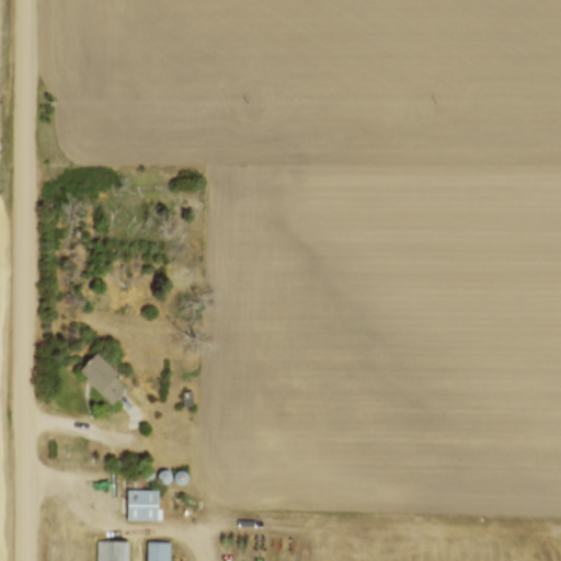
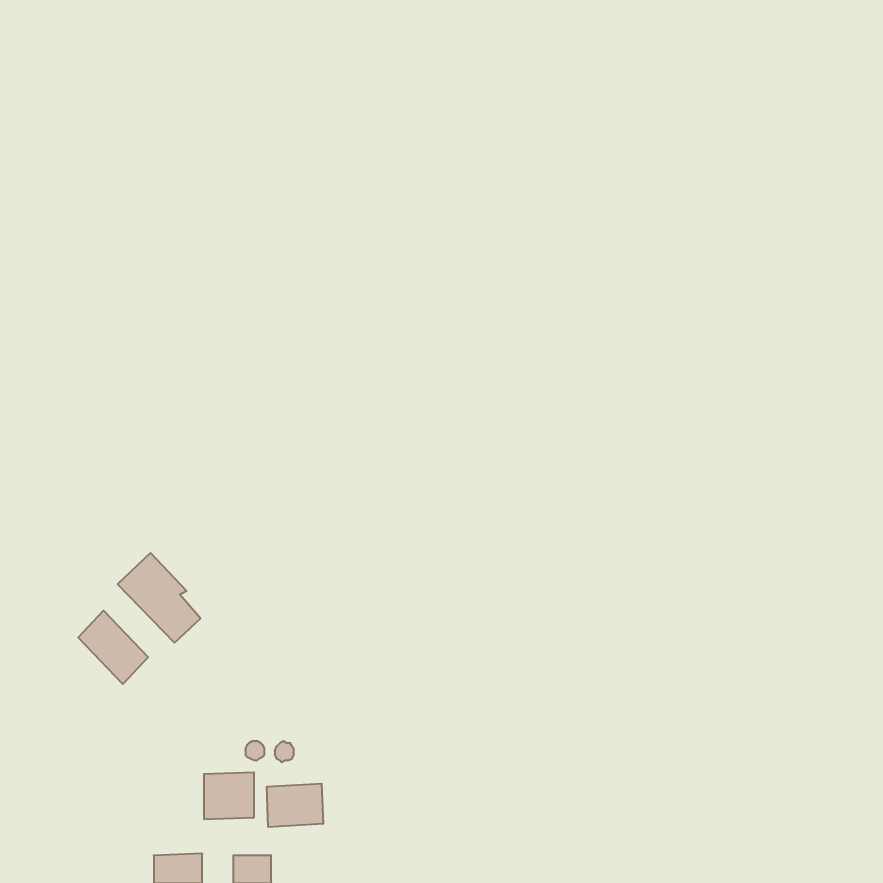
building: none -> [78,611,148,684]
building: none -> [267,784,323,827]

